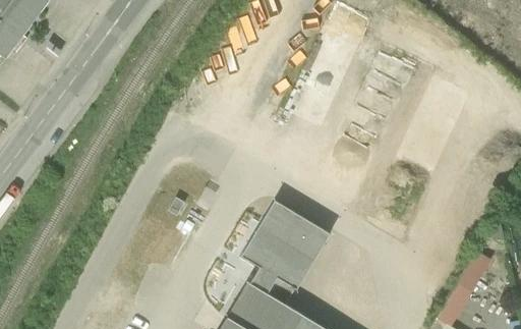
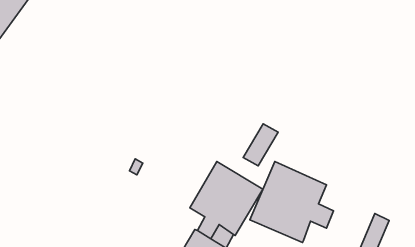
building: none -> [243,124,278,166]
building: none -> [250,162,334,242]

